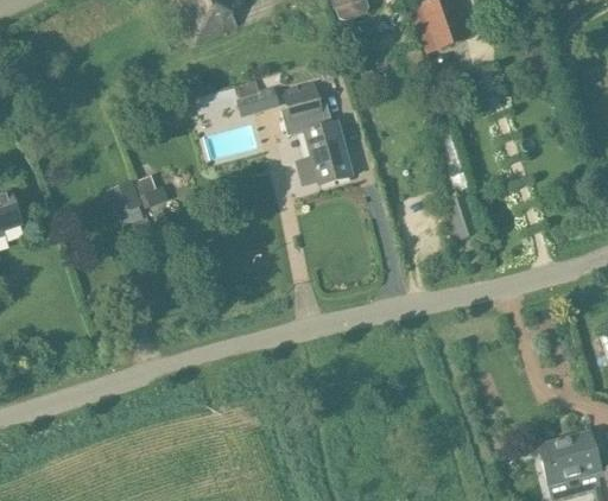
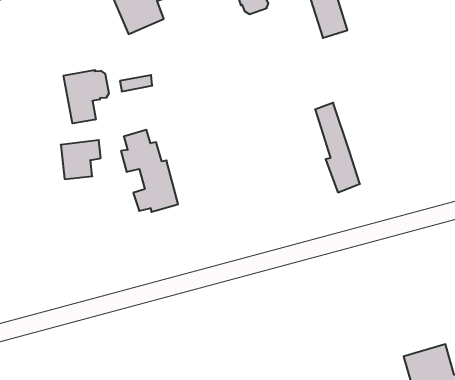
building: [234,80,265,116] -> none
building: [281,83,353,185] -> [121,130,178,212]
building: none -> [64,70,109,123]

